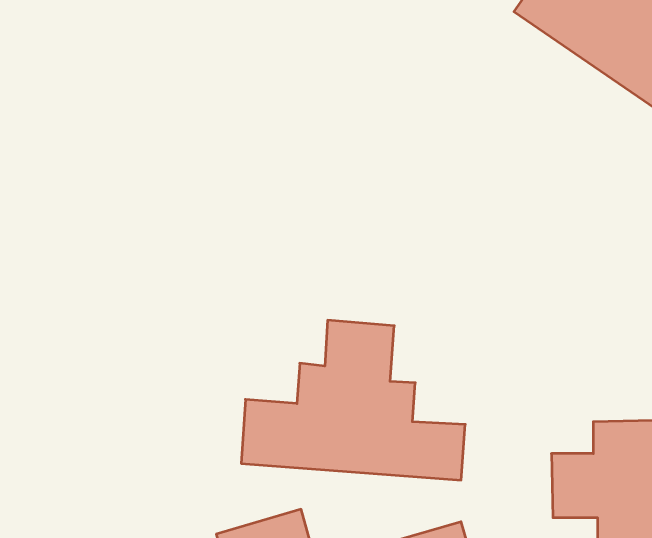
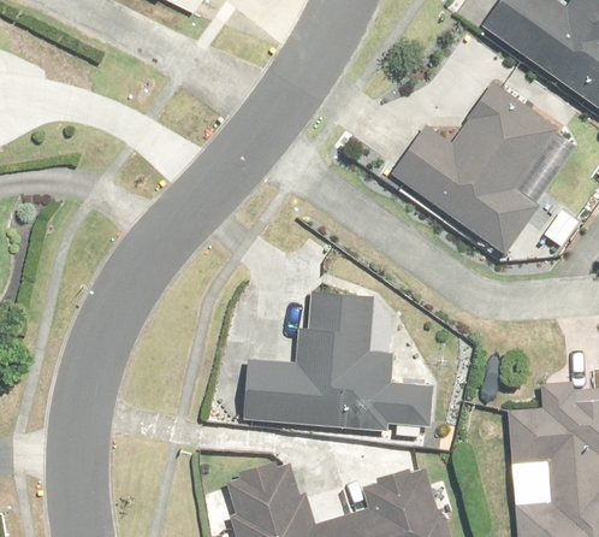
building: none -> [387,85,558,254]

